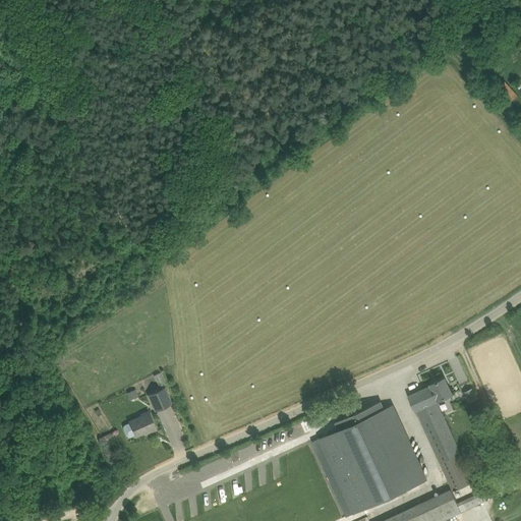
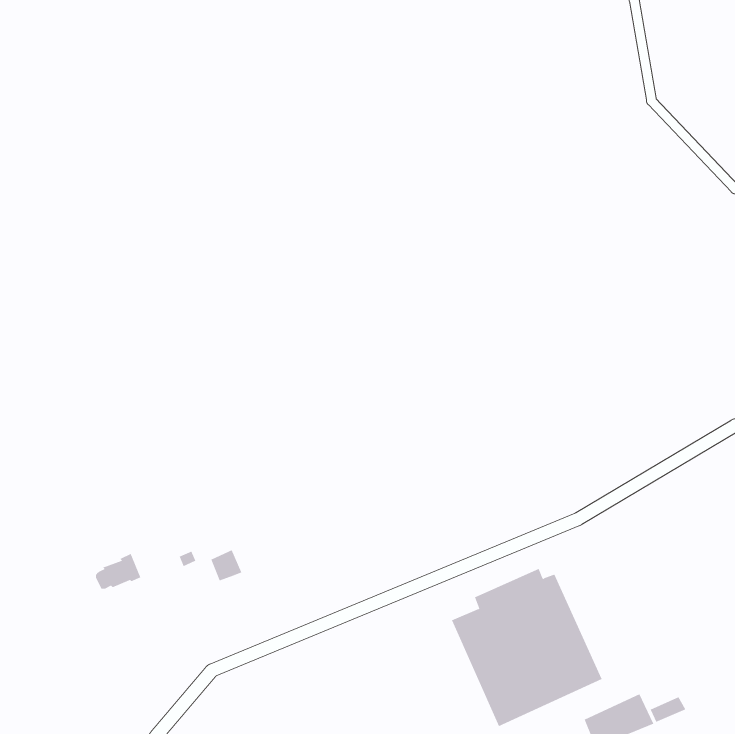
building: [408,380,473,491] -> none
building: [123,413,156,439] -> [95,553,141,589]

